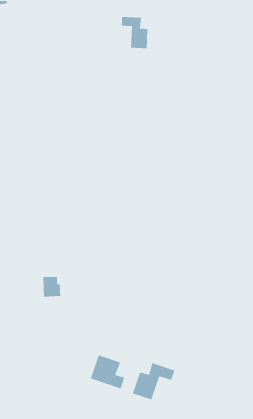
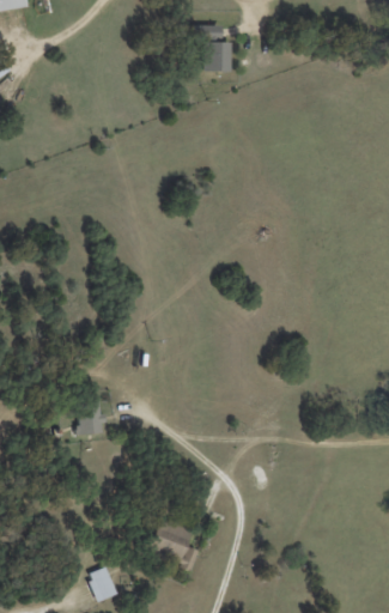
building: [132,362,176,401] -> none
building: none -> [87,566,117,601]

